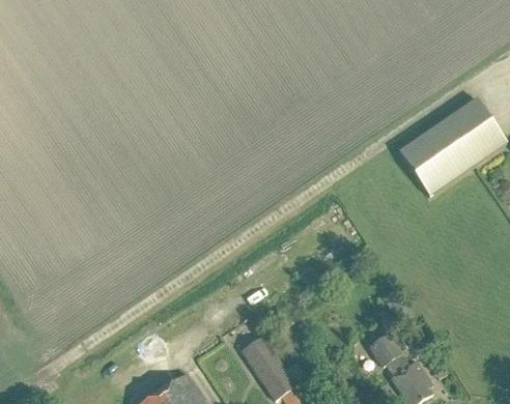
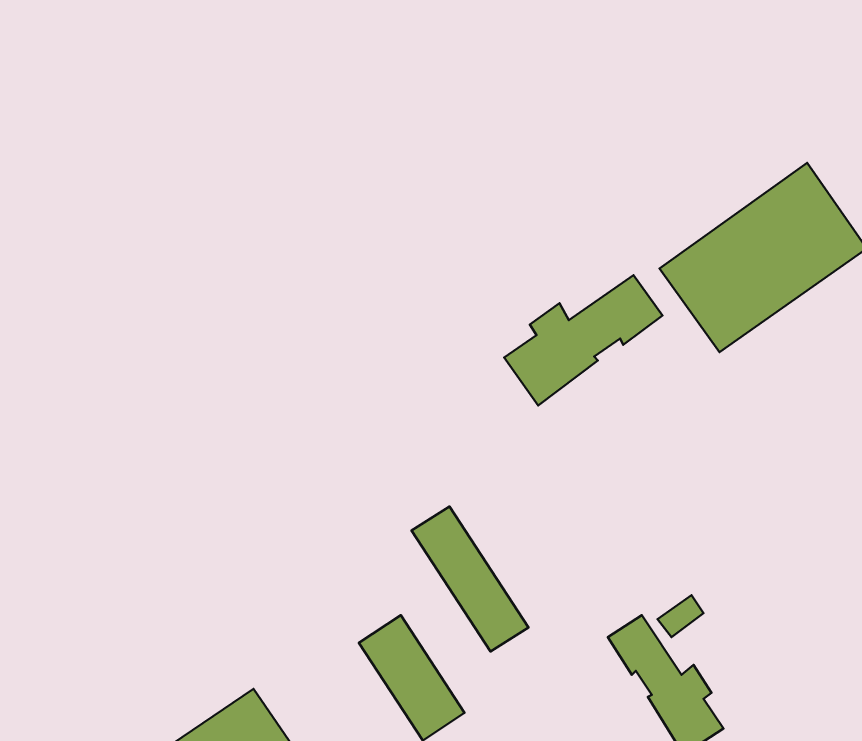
building: none -> [504,275,663,405]
building: none -> [411,506,528,652]

